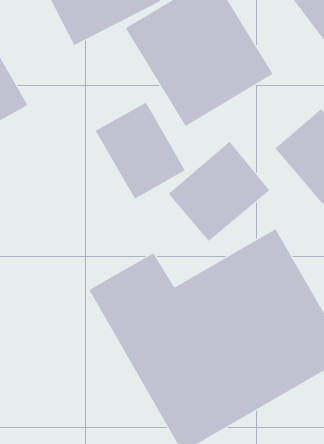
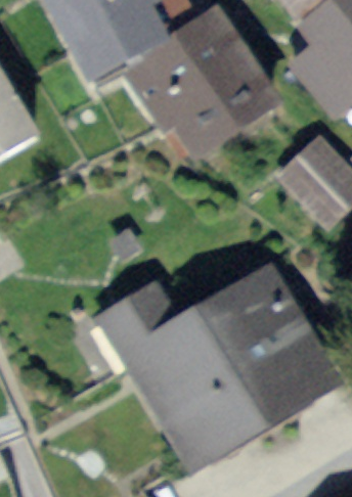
building: [95,102,185,200] -> none
building: [168,141,270,242] -> none

